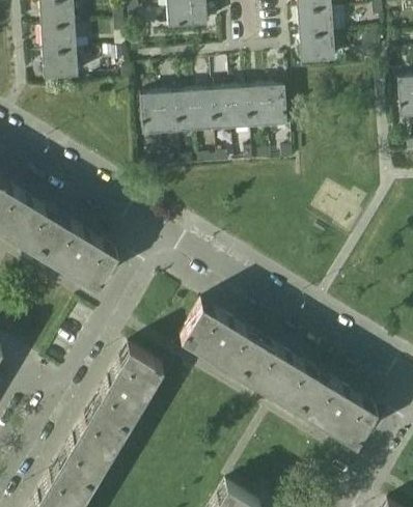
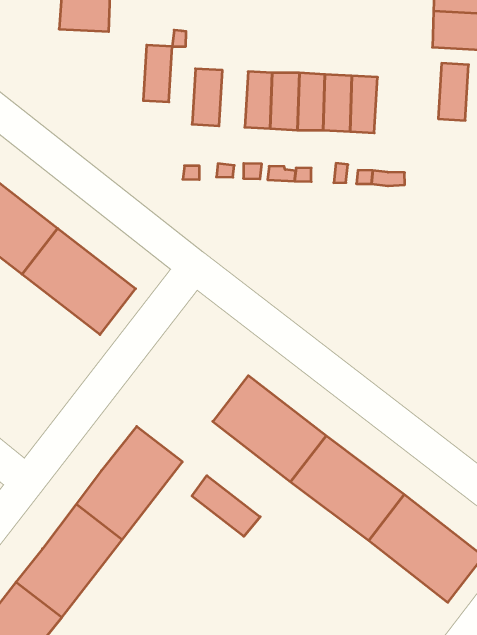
building: [270,87,291,126] -> [438,63,469,120]
building: [163,94,183,134] -> [143,45,172,102]
building: none -> [192,476,260,536]

